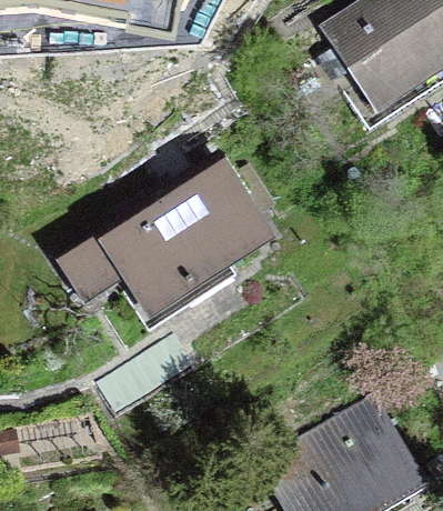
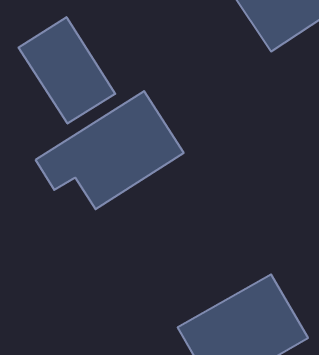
building: none -> [19,17,115,124]

